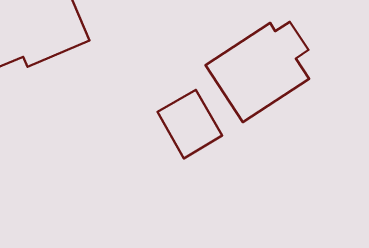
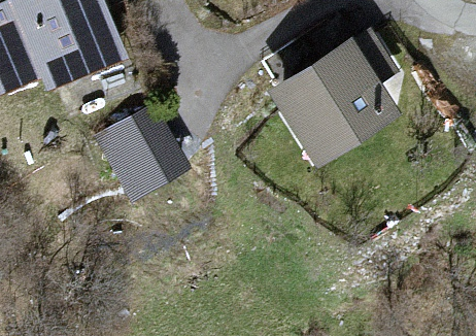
building: [158,90,222,159] -> [104,115,182,199]

